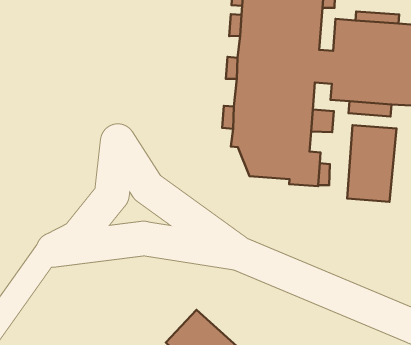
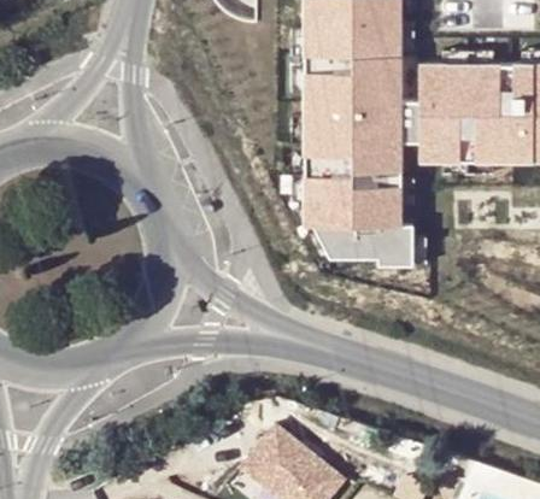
building: [347,125,396,202] -> none

